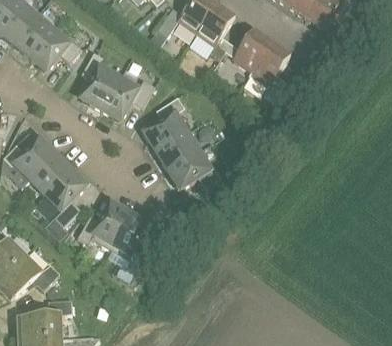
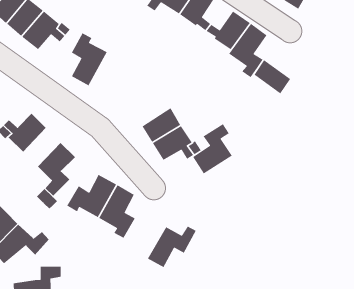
building: [99,72,153,120] -> none
building: none -> [253,59,291,94]
building: [143,96,186,151] -> [192,123,233,175]
building: [29,153,69,194] -> none
building: none -> [147,225,197,268]

